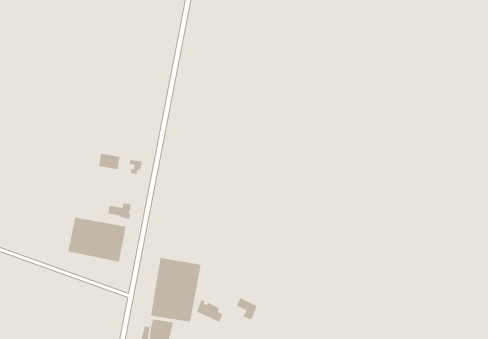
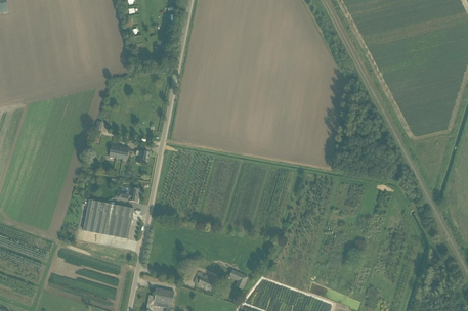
building: [151,257,201,322] -> none

